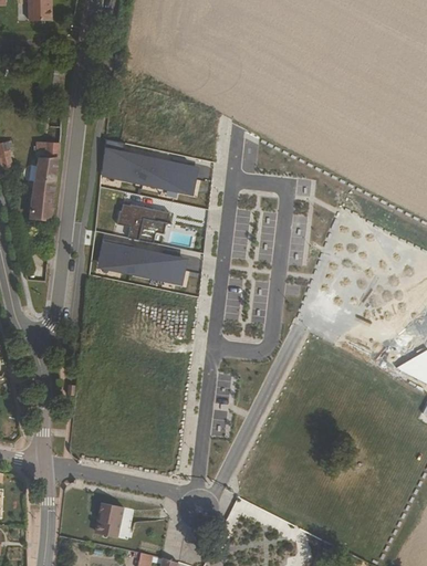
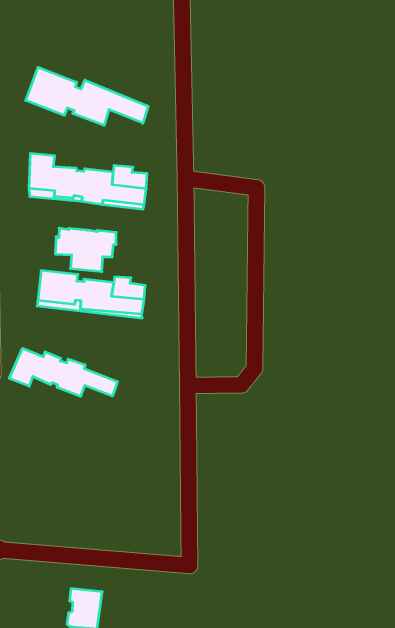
building: none -> [26,67,148,125]
building: none -> [9,348,117,396]

